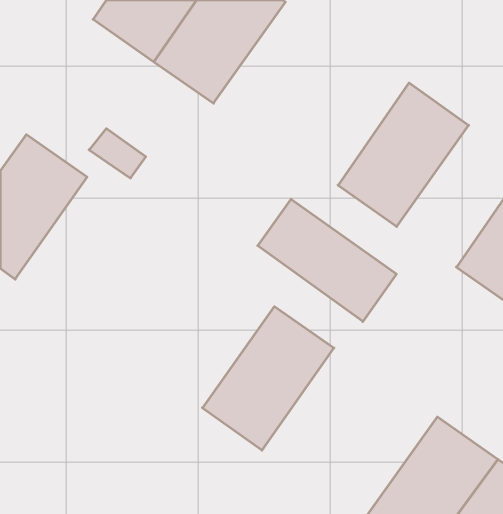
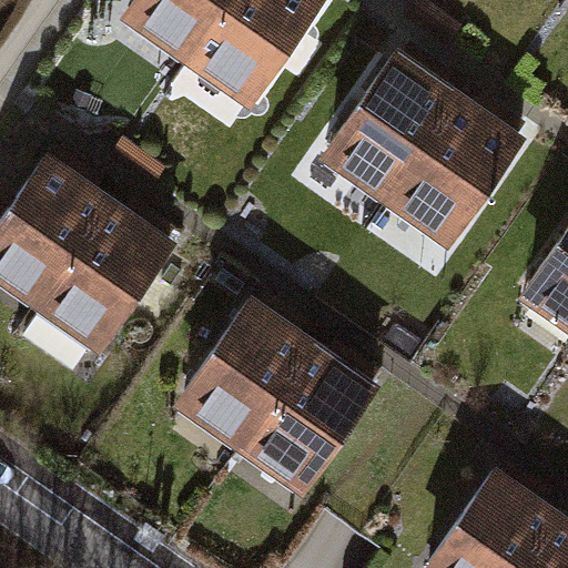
building: none -> [320,49,464,206]
building: none -> [32,197,176,355]
building: [258,199,396,322] -> none
building: none -> [171,293,316,450]

